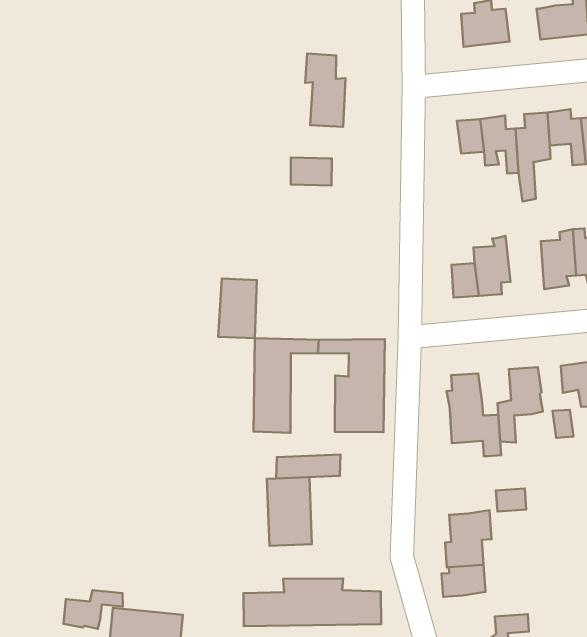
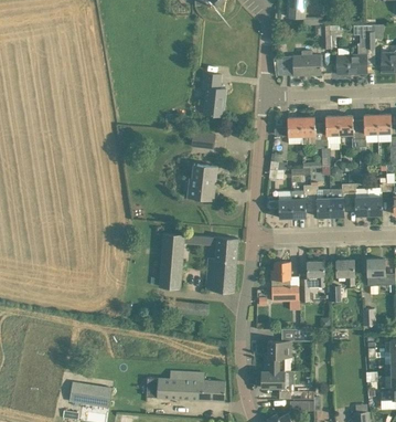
building: none -> [310,184,330,217]
building: [218,279,257,338] -> [192,165,216,200]
building: [267,477,312,546] -> none
building: [63,590,123,629] -> none

